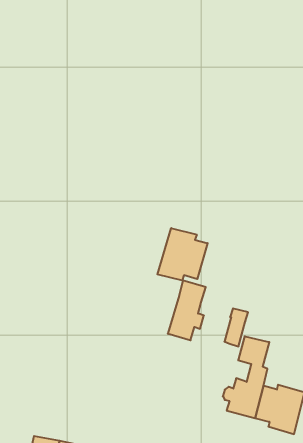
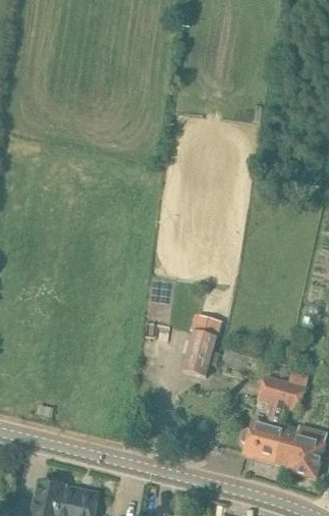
building: [157,228,208,280] -> none
building: [224,308,248,346] -> [283,371,309,412]

